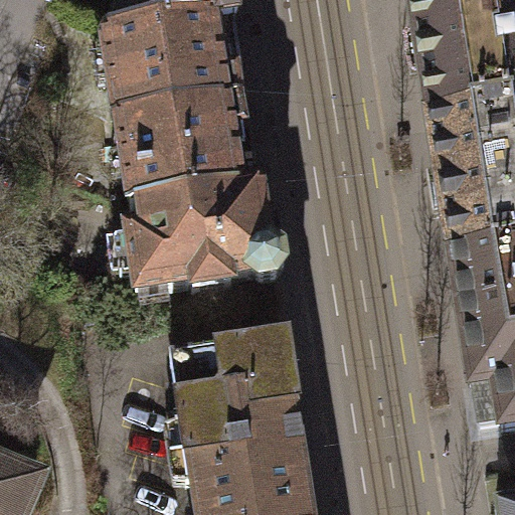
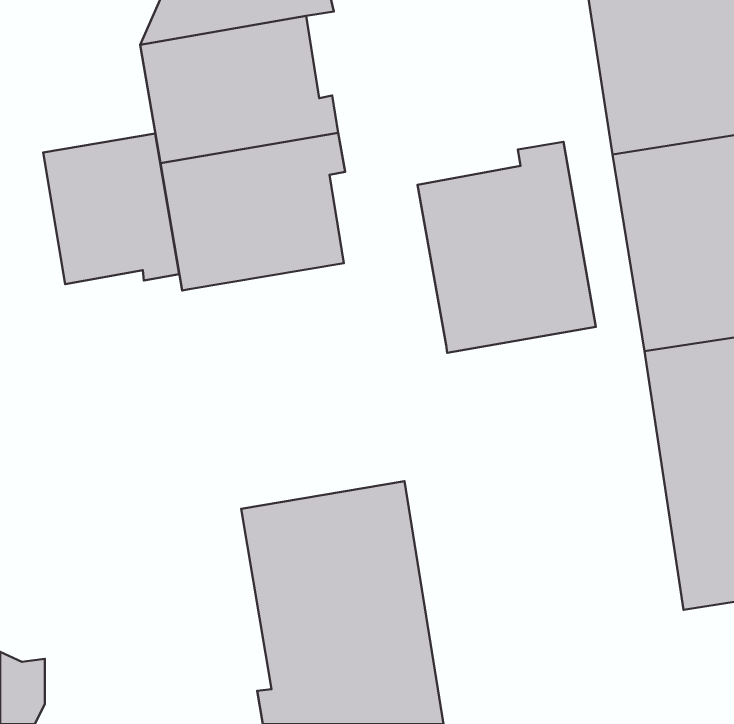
building: none -> [43,133,179,284]
building: none -> [418,142,596,353]
building: [130,179,279,289] -> none

